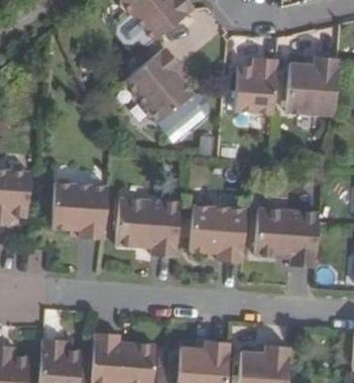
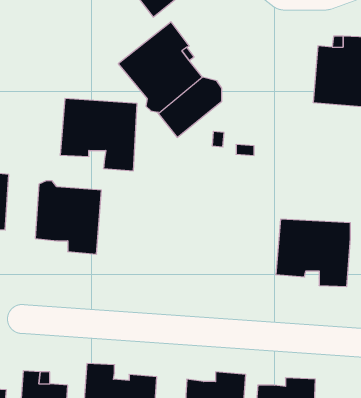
building: [237,61,277,115] -> none
building: [116,199,181,260] -> [60,99,137,171]
building: [191,202,245,265] -> none

